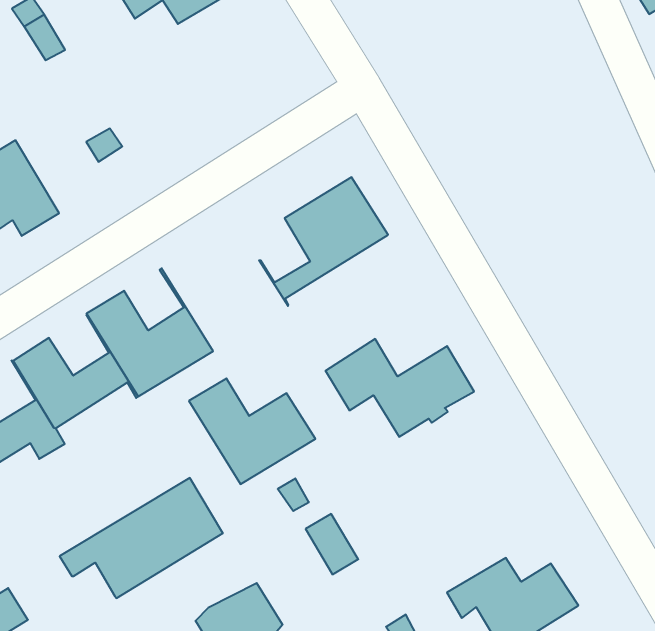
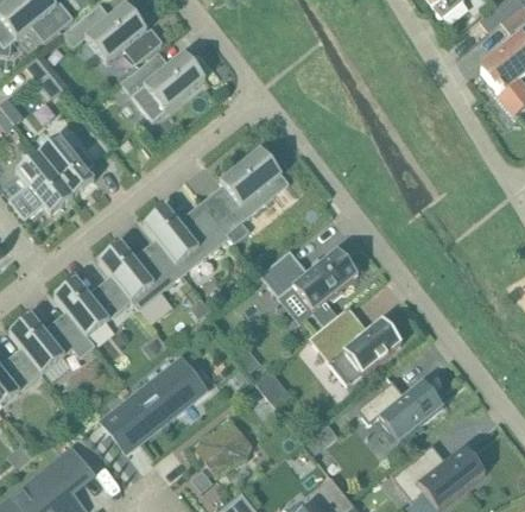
building: none -> [121,51,205,120]
building: none -> [38,133,94,195]
building: [189,378,315,484] -> [144,204,229,272]
building: none -> [309,315,401,385]

